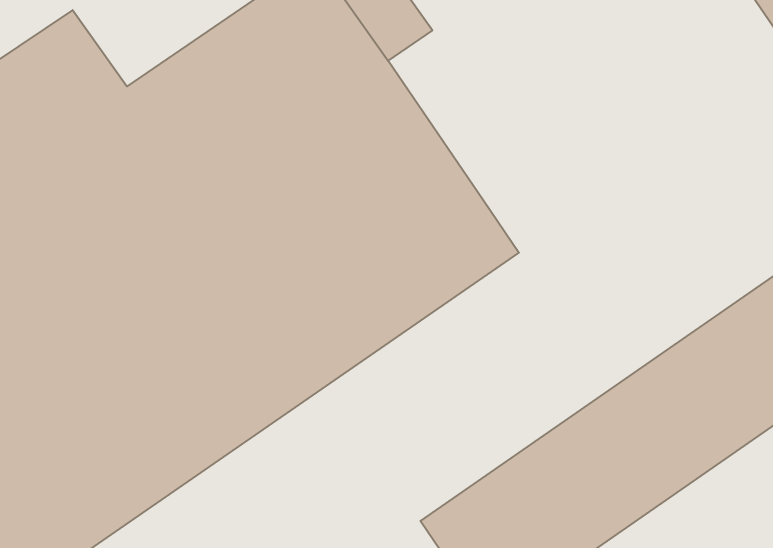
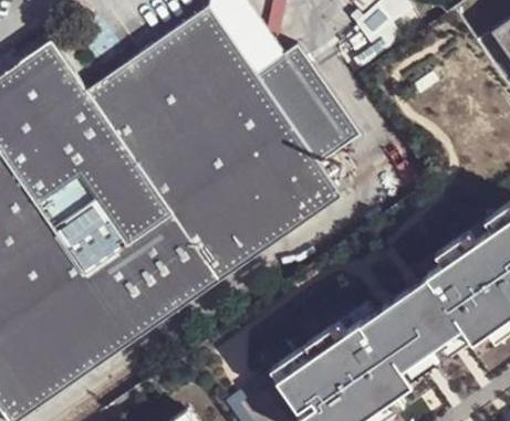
building: none -> [257,45,360,164]

